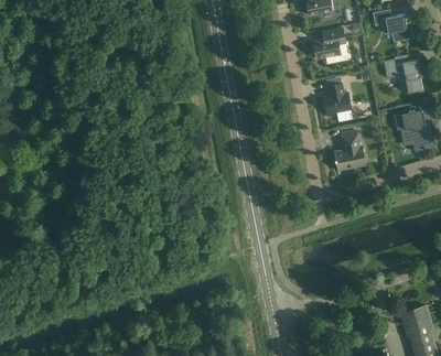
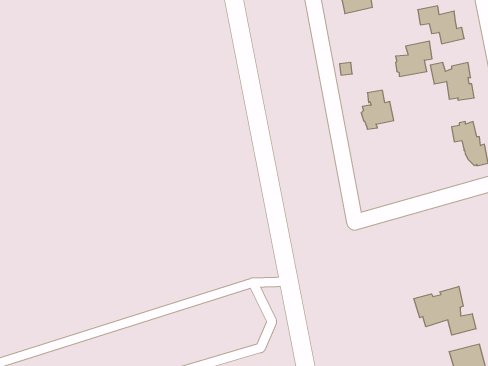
building: [313,28,345,58] -> [396,41,432,76]
building: [335,130,365,170] -> none
building: none -> [414,286,476,335]

